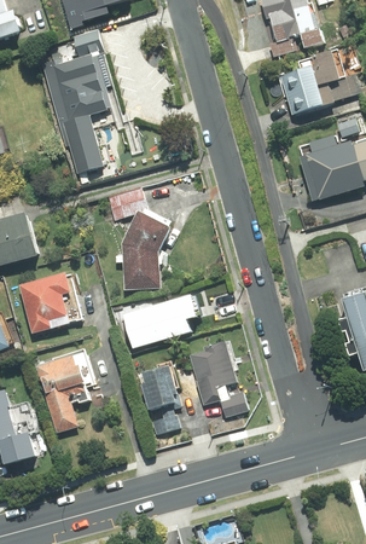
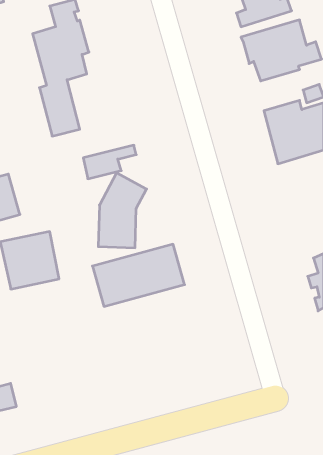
building: [188,345,246,416] -> none
building: [36,354,88,433] -> none
building: [141,368,180,434] -> none

